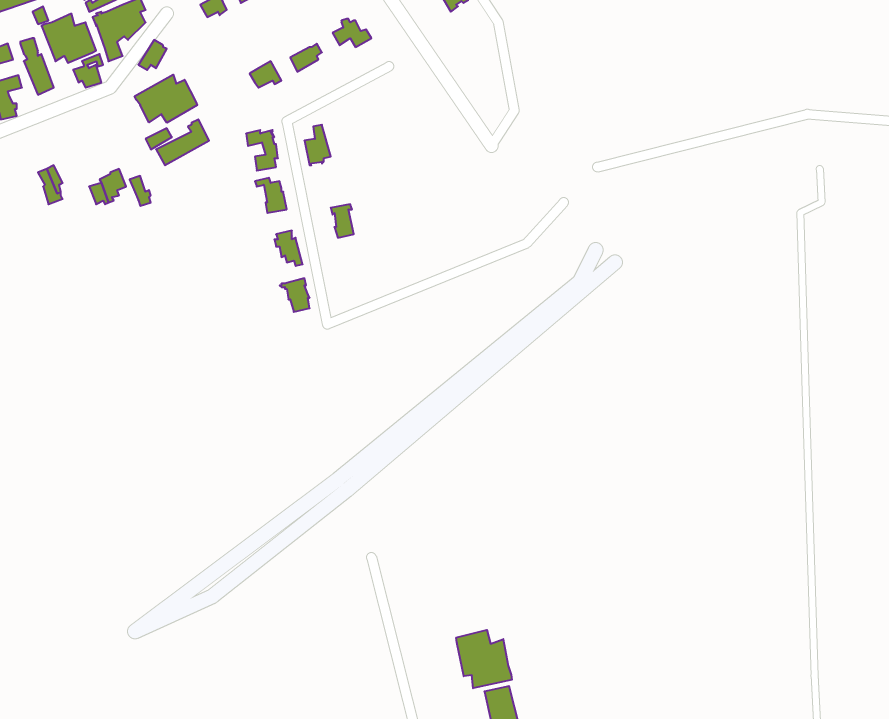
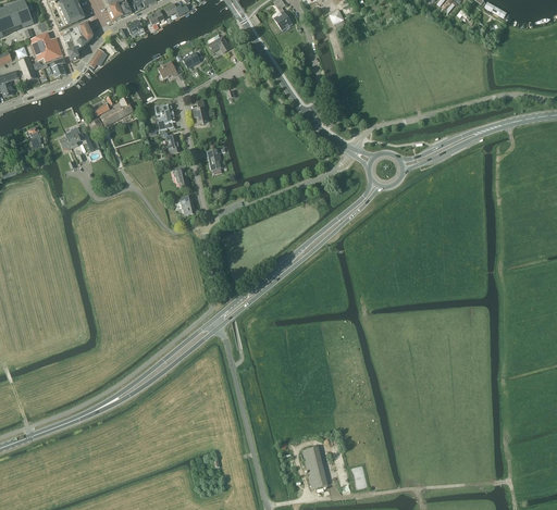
building: [135,75,197,123] -> none
building: [456,630,512,688] -> none

